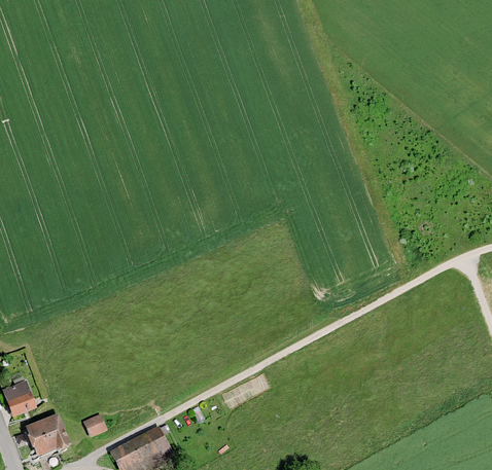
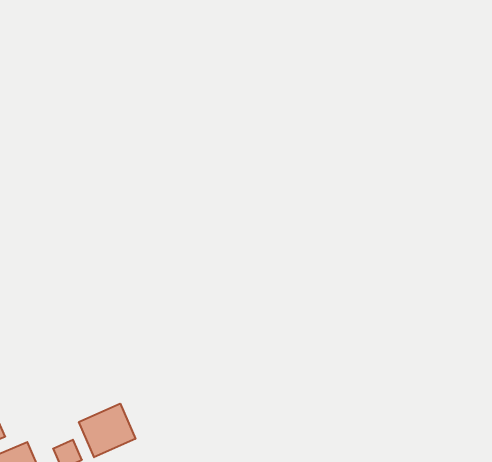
building: none -> [79,404,135,457]

